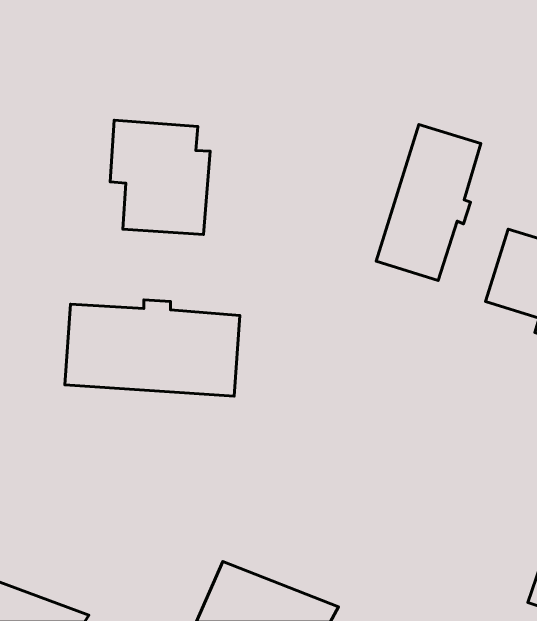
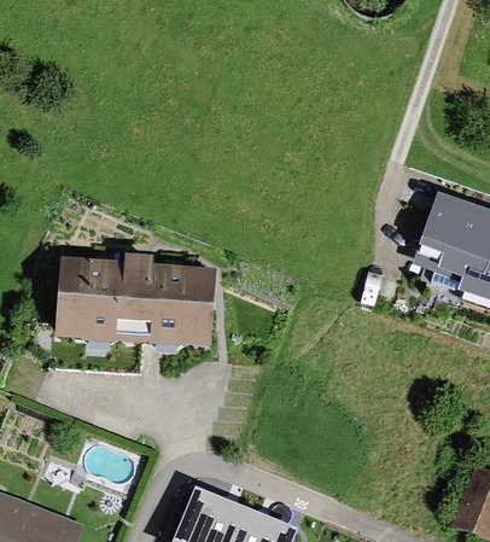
building: [110,120,210,235] -> none
building: [376,124,481,280] -> none

